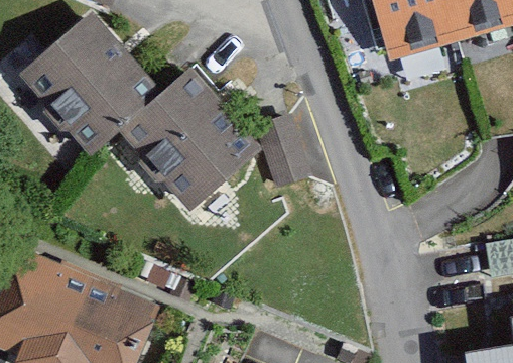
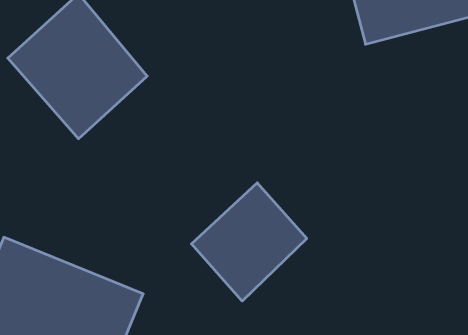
building: [121,57,271,209] -> none
building: none -> [191,183,307,301]

